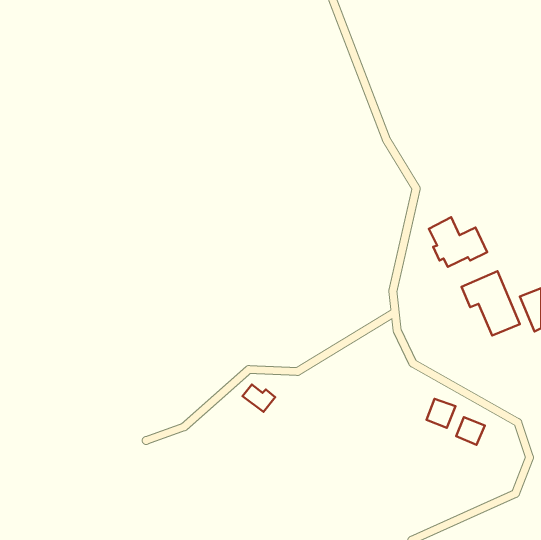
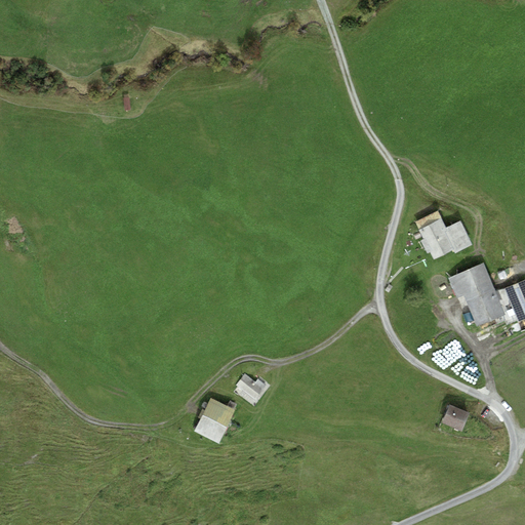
building: [427,399,455,428] -> none
building: none -> [194,397,235,442]

